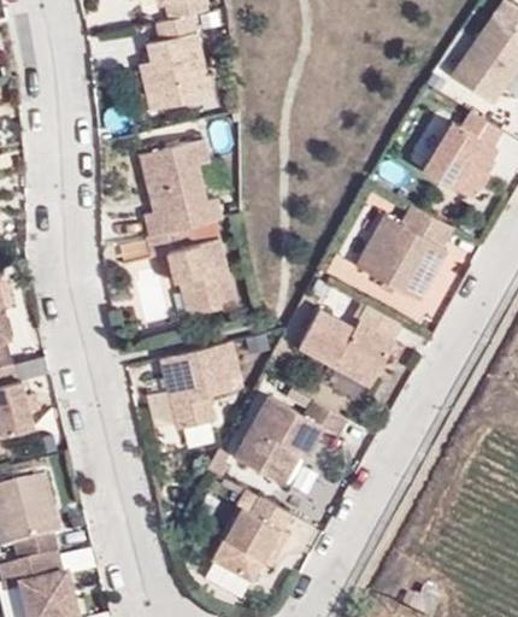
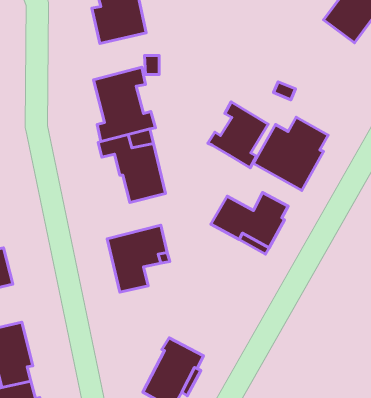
building: [419,111,500,198] -> none
building: none -> [208,102,268,168]
building: [229,401,342,490] -> none

